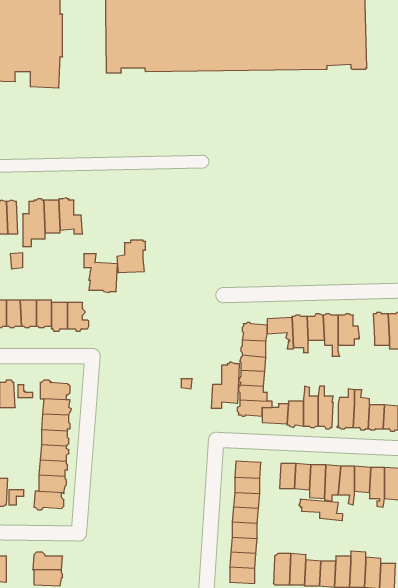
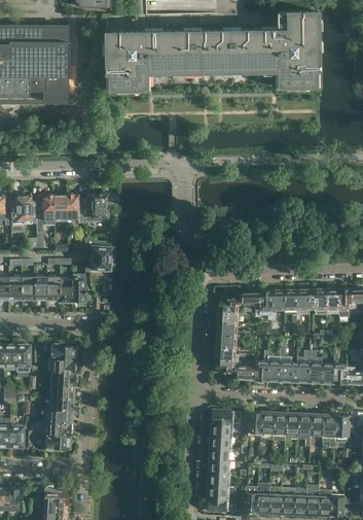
building: [117,240,146,273] -> [85,195,109,221]
building: none -> [308,287,326,320]
building: [211,362,239,408] -> none
building: [299,499,342,521] -> none

